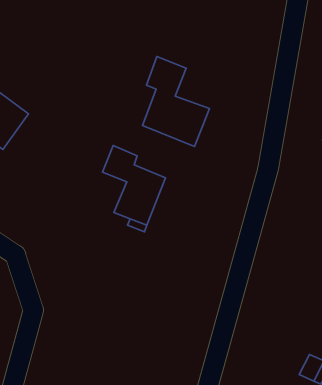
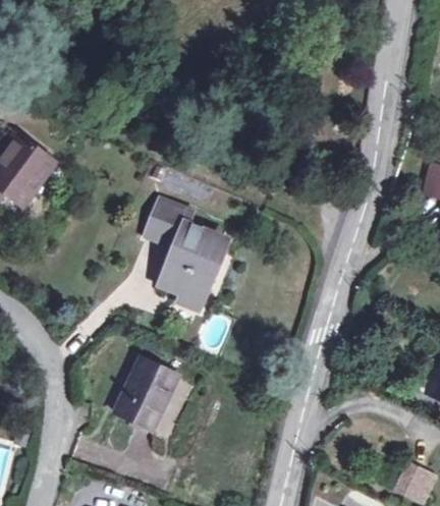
building: [142,57,210,146] -> none
building: none -> [115,350,178,430]

